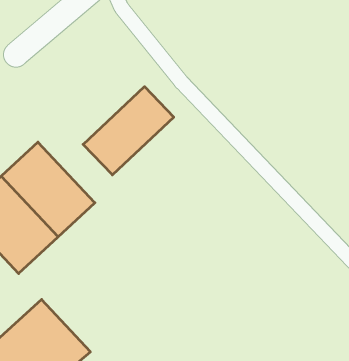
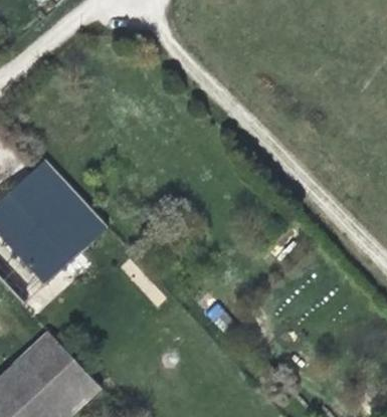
building: [83,87,174,175] -> none

